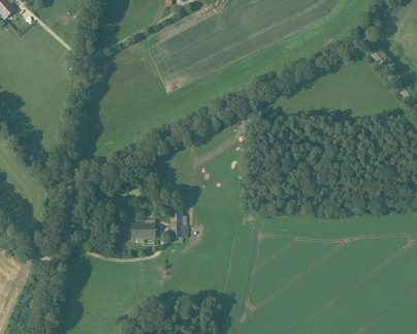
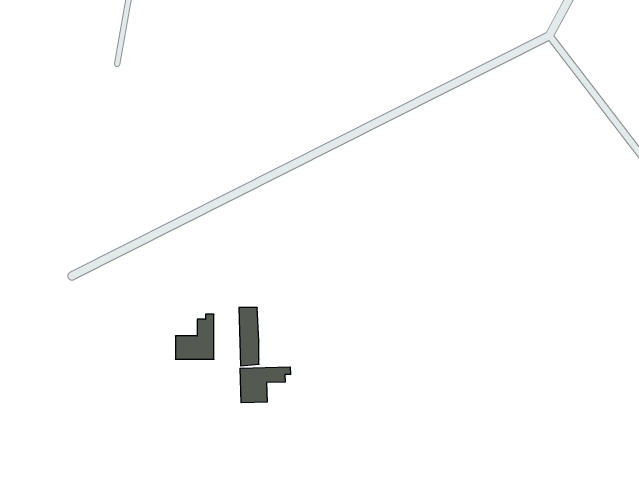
building: none -> [240,367,291,403]

